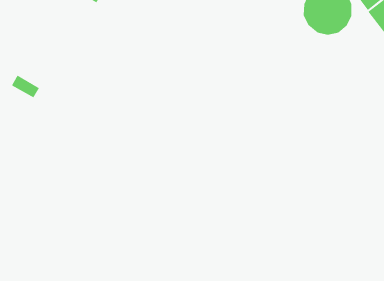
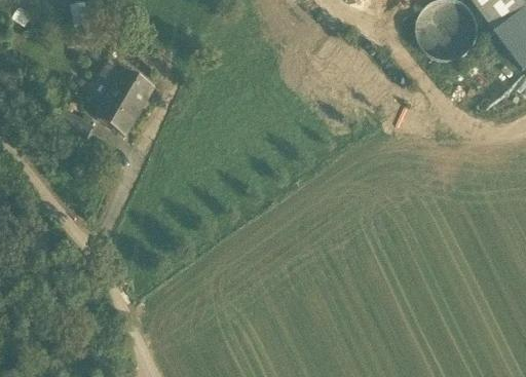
building: none -> [97,68,154,133]

